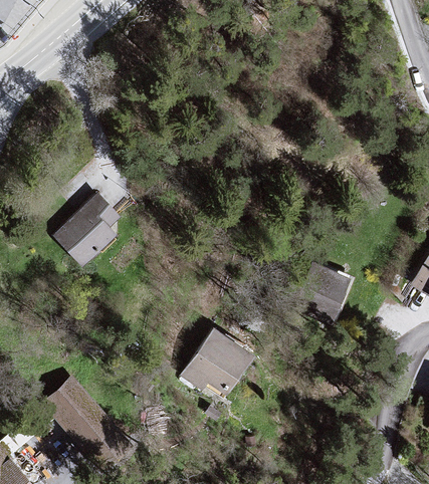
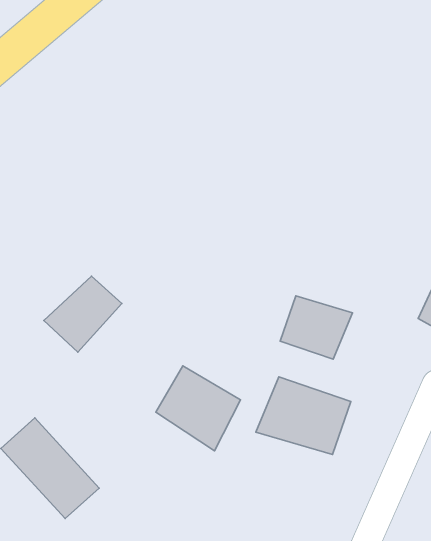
building: [52,198,122,265] -> [44,276,122,352]
building: none -> [256,377,351,455]

